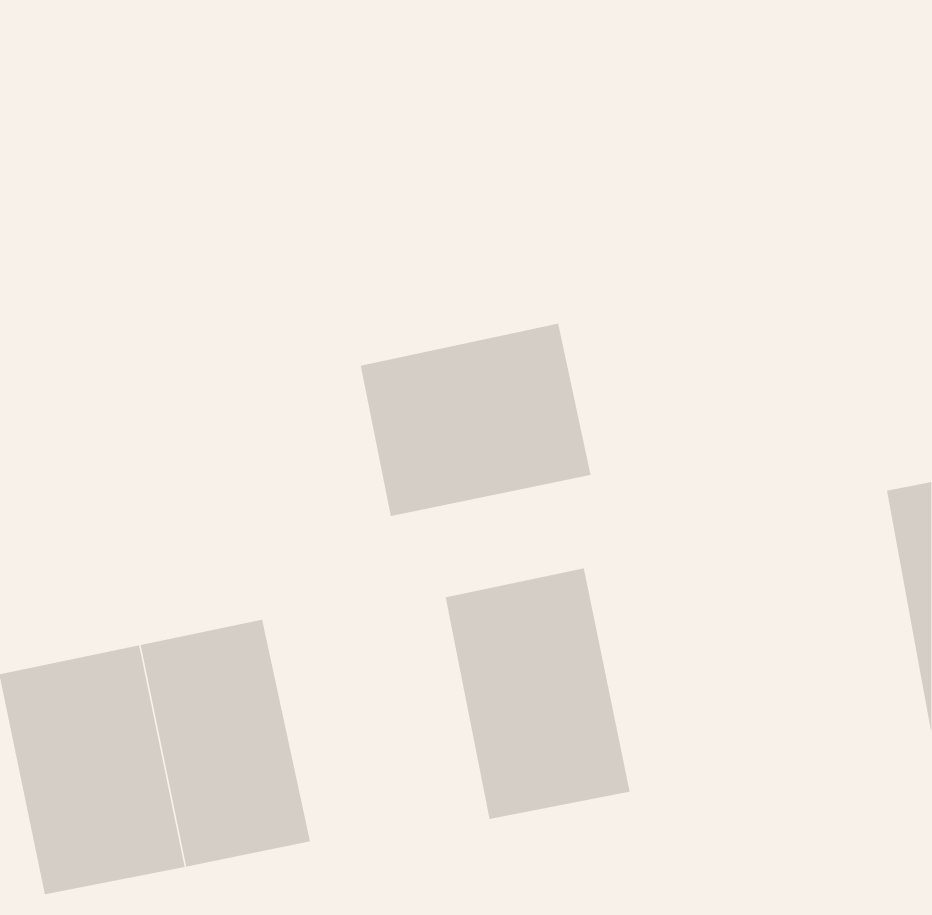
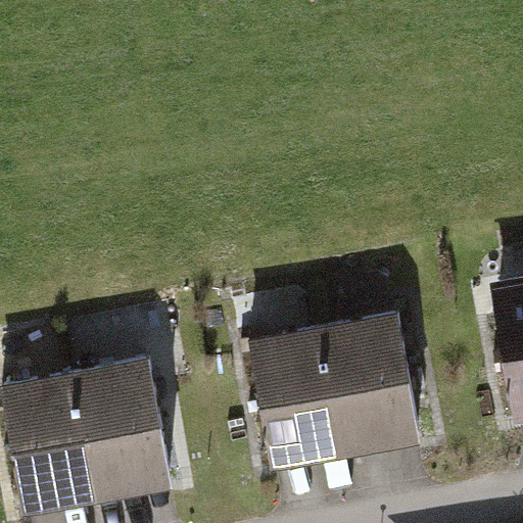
building: [360,323,591,517] -> none
building: none -> [325,315,420,454]

